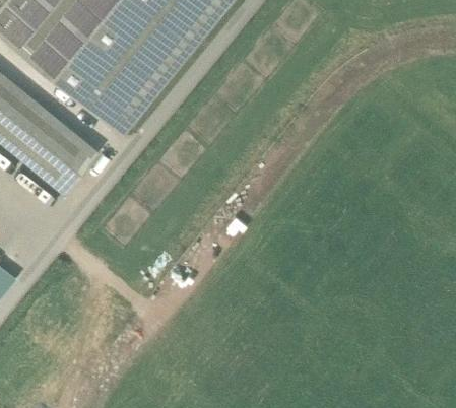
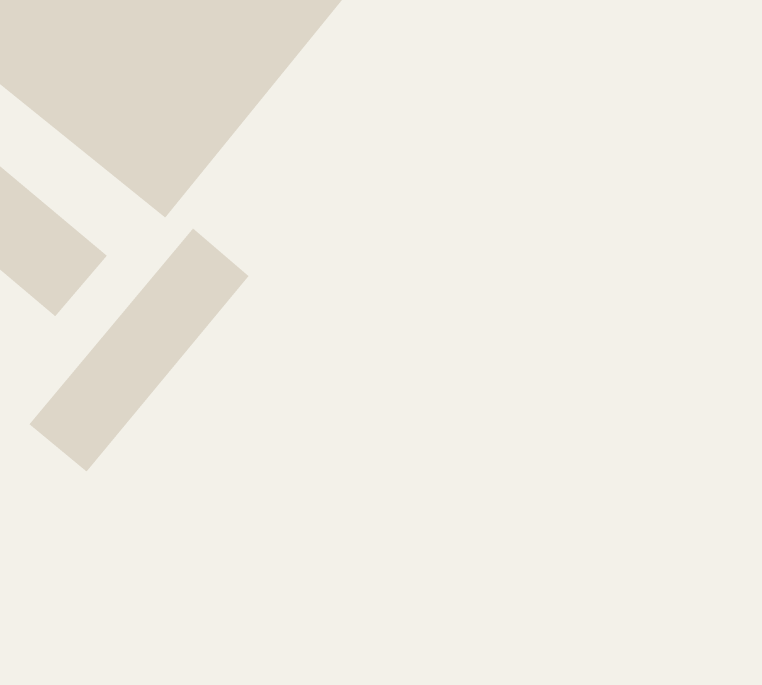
building: none -> [28,228,250,472]

